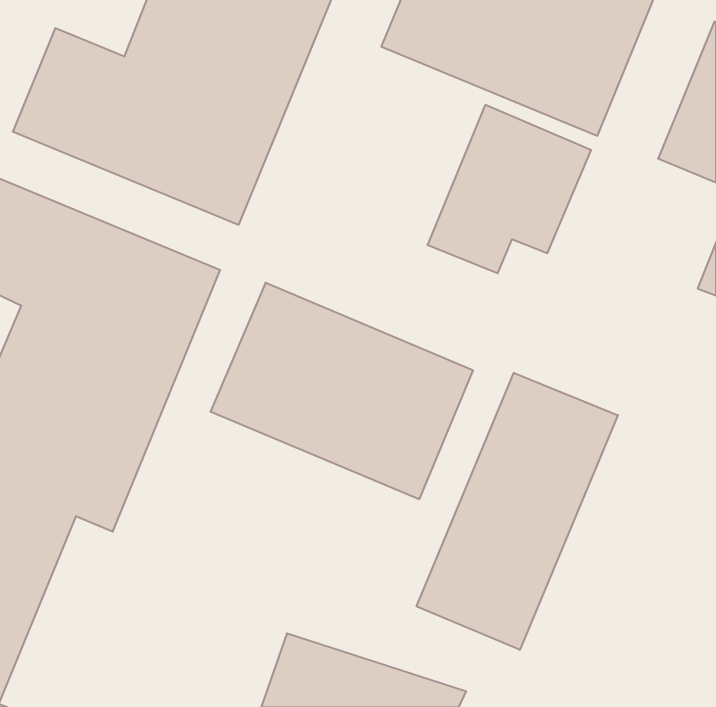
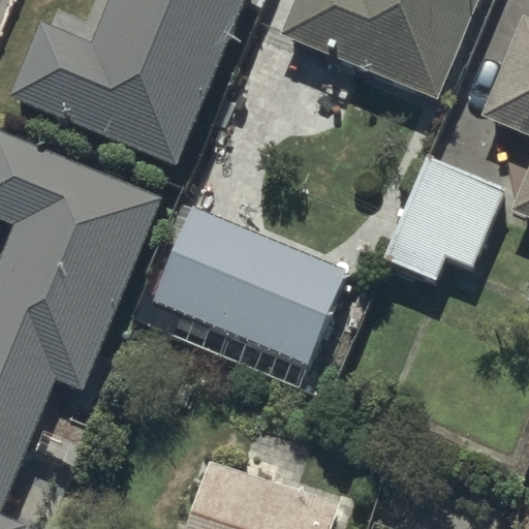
building: [427,105,591,273] -> [383,157,503,280]
building: [417,373,618,650] -> none

